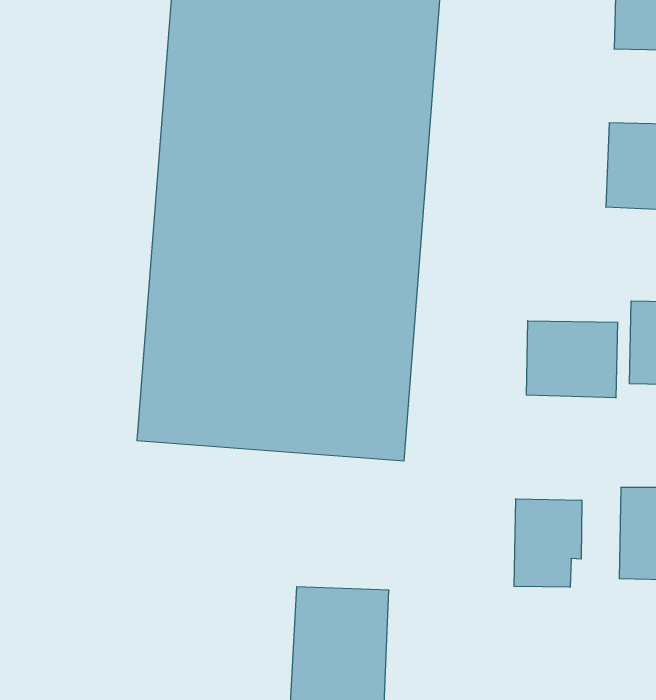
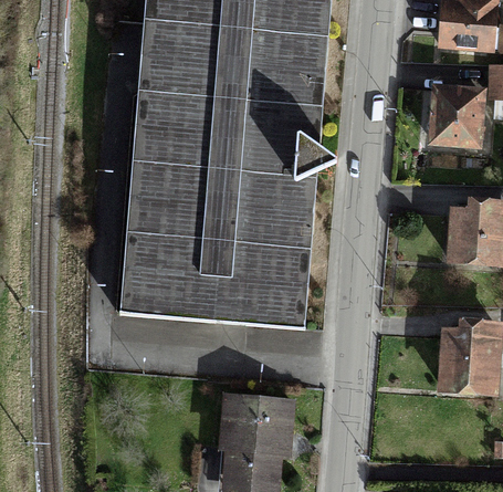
building: [526,321,617,398] -> none
building: [514,499,582,587] -> none

